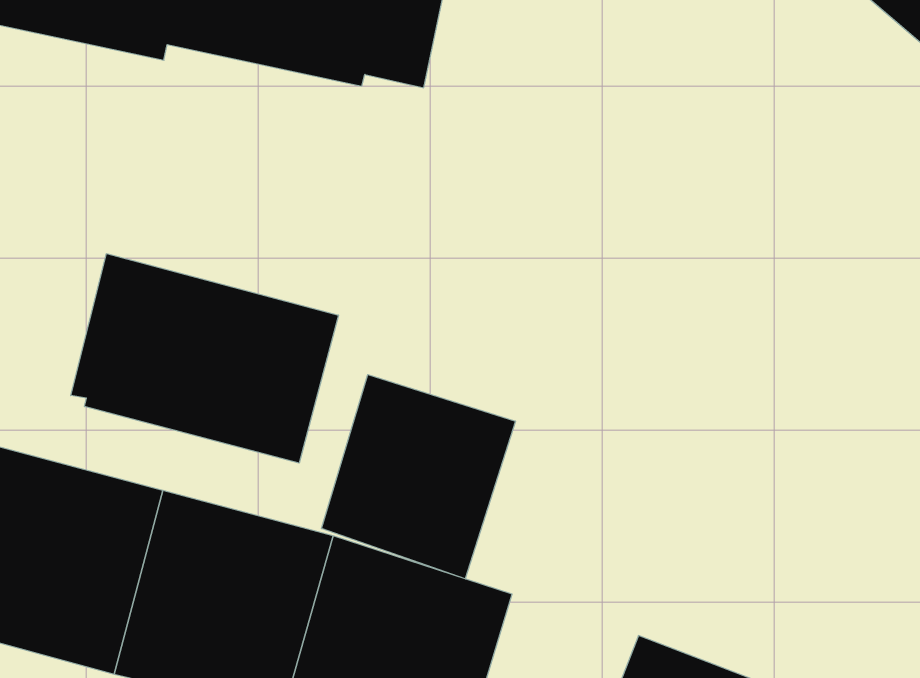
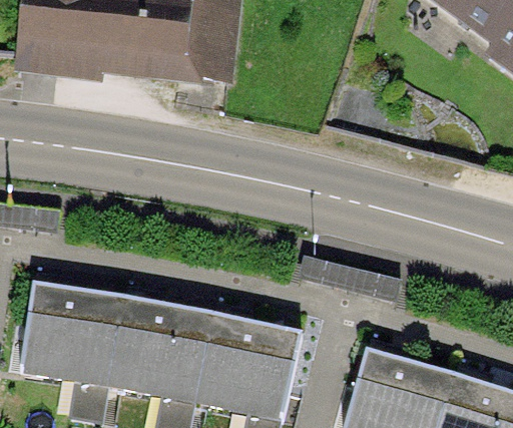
building: [71,254,338,463] -> none
building: [322,375,515,579] -> none

